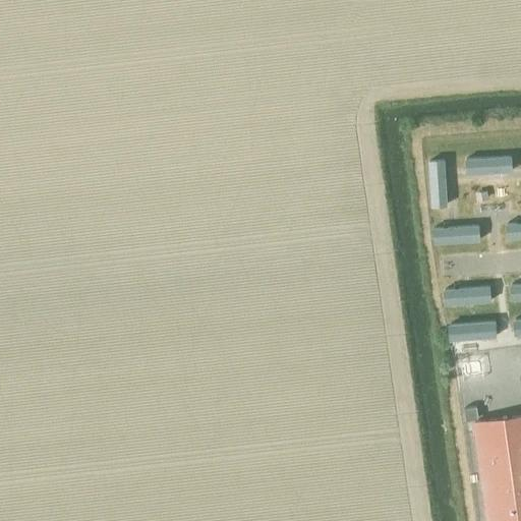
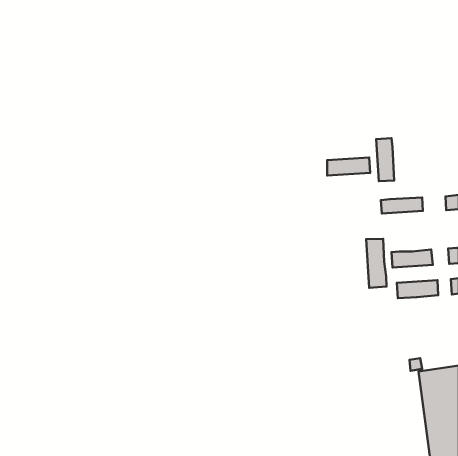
building: [464,156,513,176] -> [327,157,370,175]
building: none -> [366,239,386,288]

